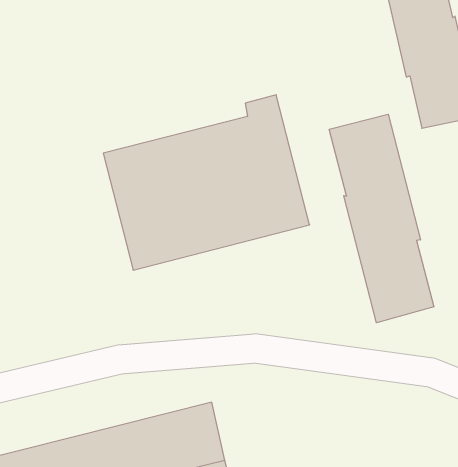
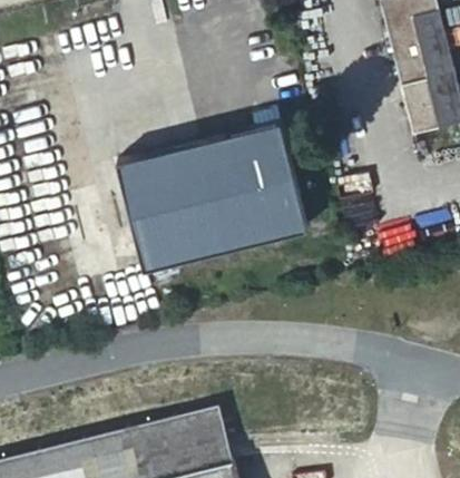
building: [329,114,434,323] -> none

